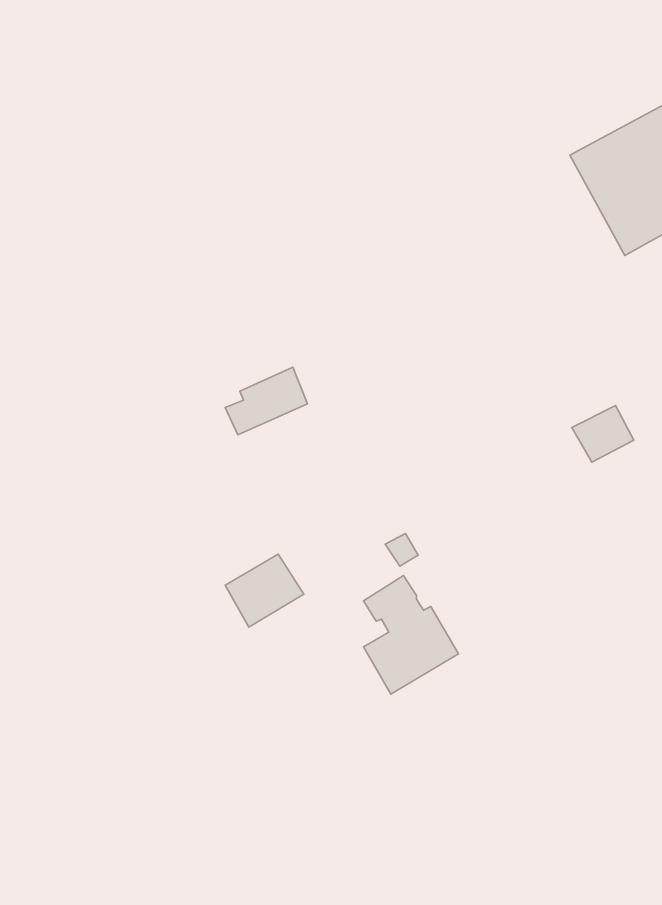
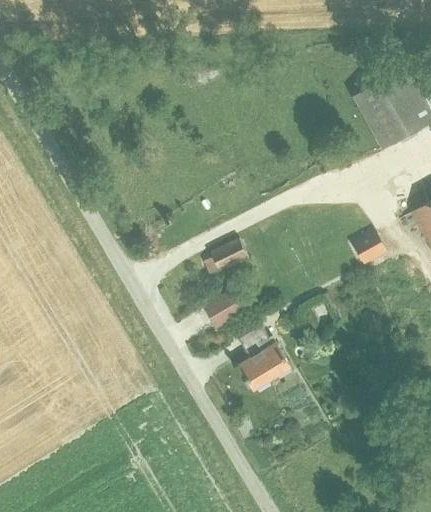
building: [225,367,307,435] -> [203,240,248,277]
building: [225,554,304,627] -> [201,290,244,330]

